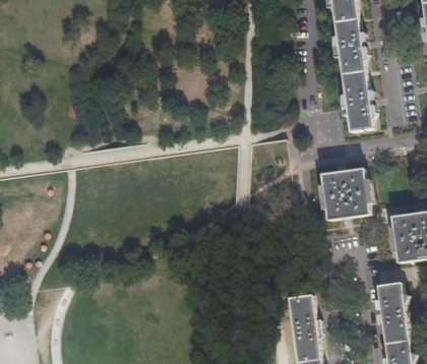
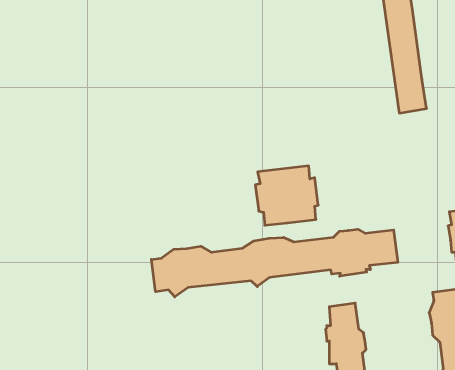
building: [319,170,373,221] -> [255,166,318,225]
building: none -> [151,229,398,297]

